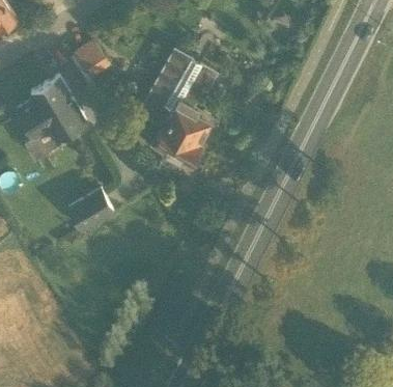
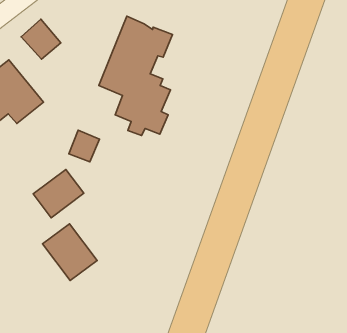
building: none -> [69,130,99,162]
building: none -> [42,224,97,281]

